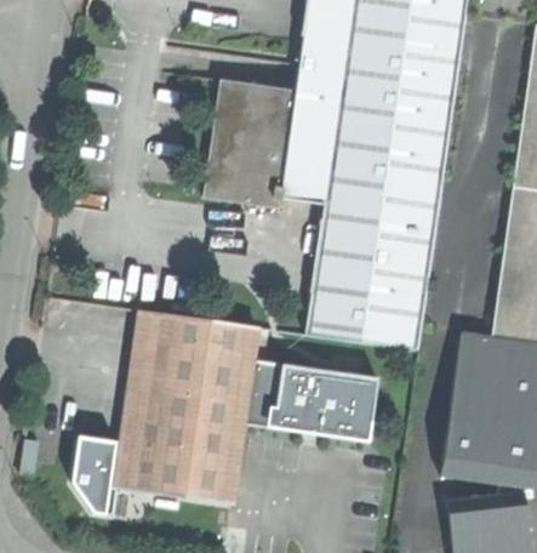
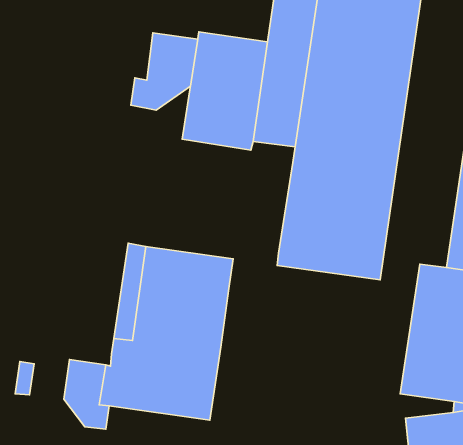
building: none -> [131,33,198,110]
building: [244,358,377,440] -> none

